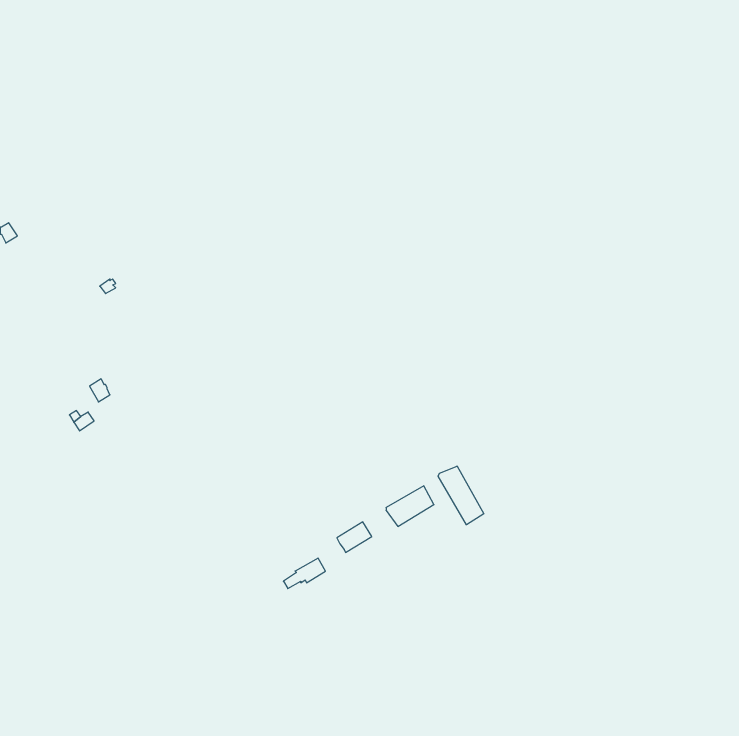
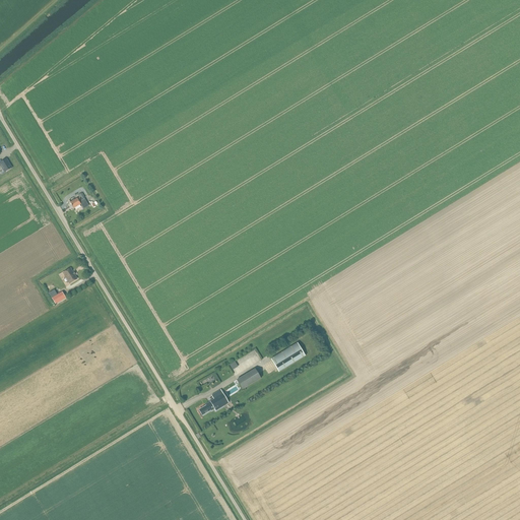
building: [438,466,484,525] -> none

